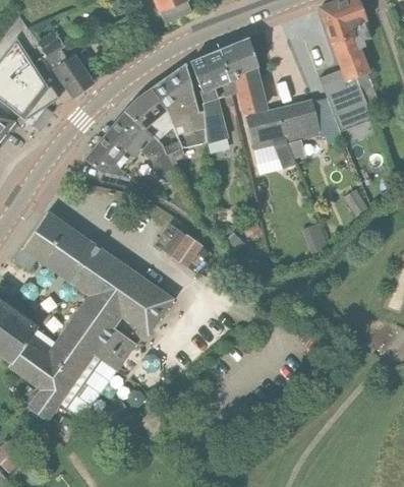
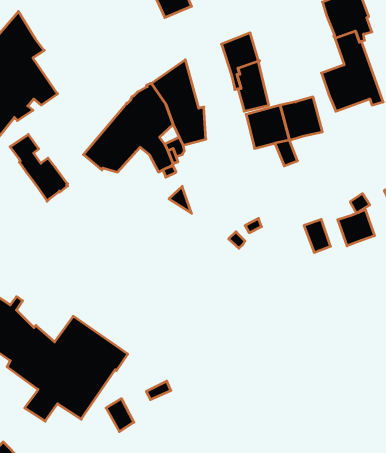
building: [36,31,93,97] -> [10,134,68,201]
building: [189,49,233,142] -> none
building: [310,98,340,136] -> none
building: [12,211,171,355] -> none
building: none -> [338,210,374,246]
building: [161,229,203,268] -> none

